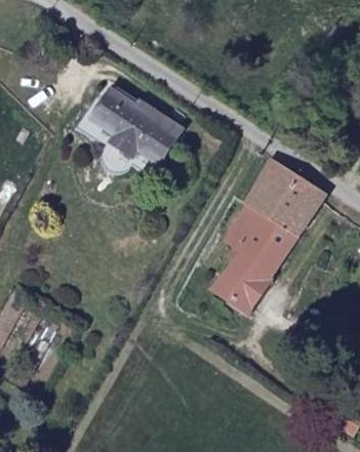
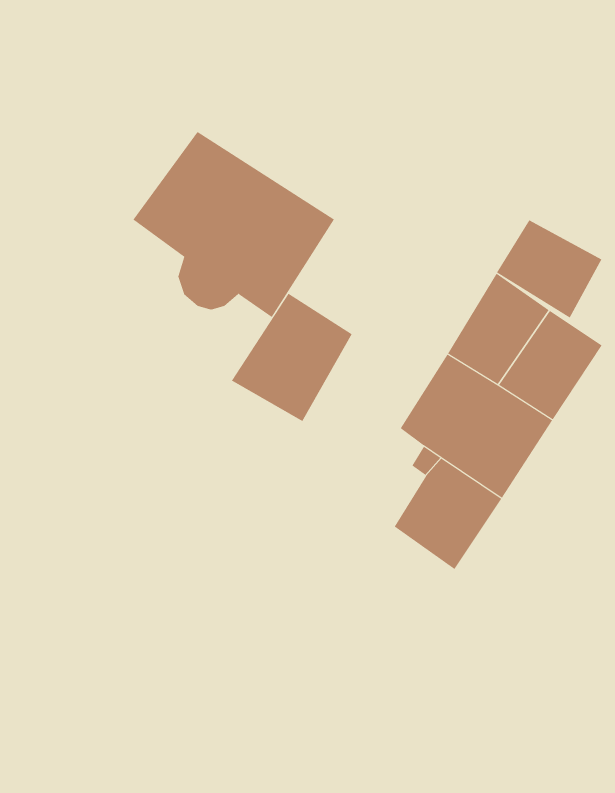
building: none -> [496,219,602,319]
building: none -> [231,293,352,422]

